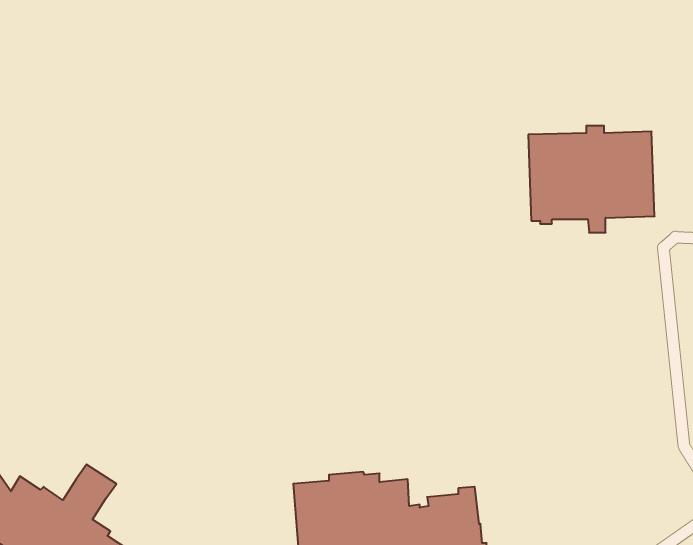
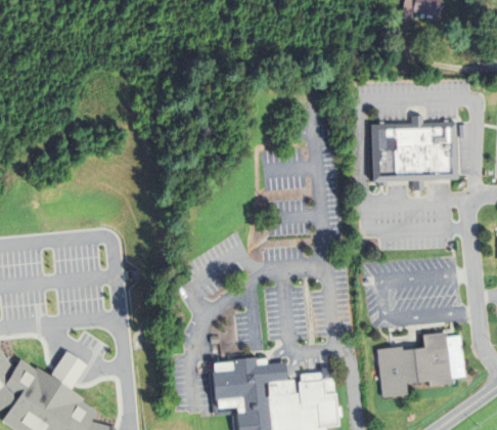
building: none -> [374,332,463,396]

